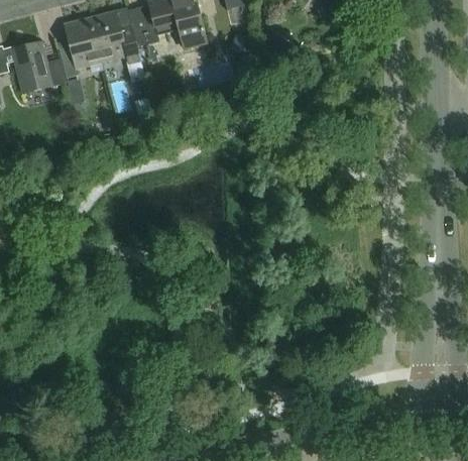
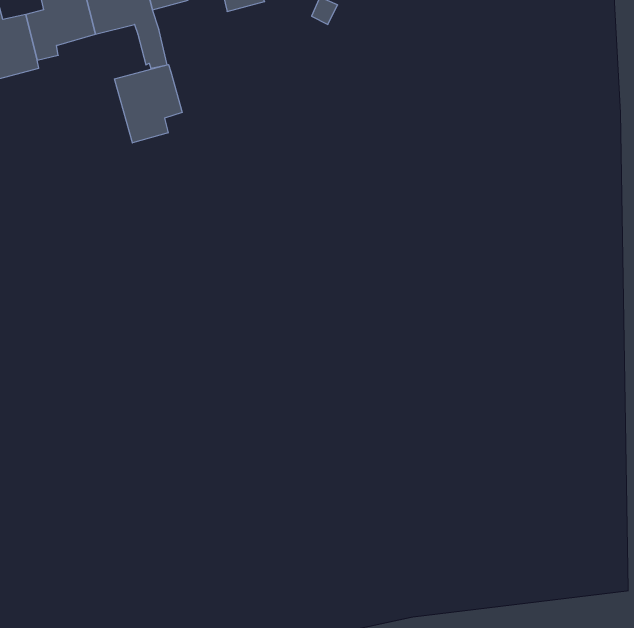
building: none -> [114,65,182,143]

